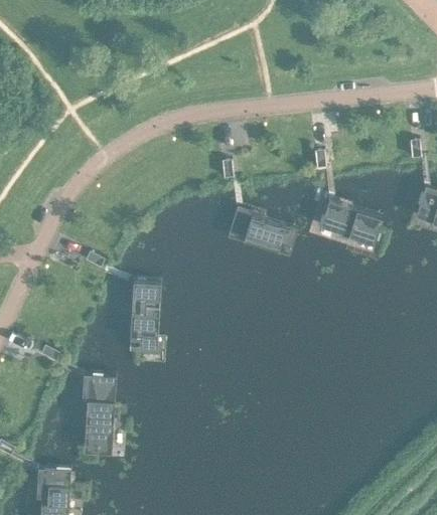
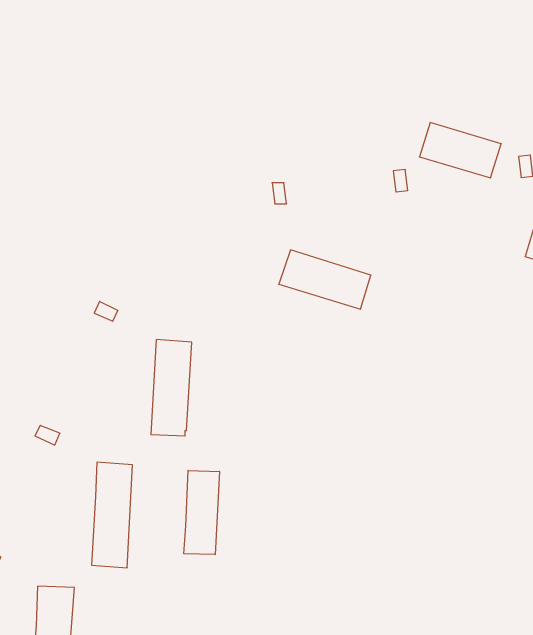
building: [319,201,382,243] -> [419,123,501,178]
building: none -> [184,470,219,555]

